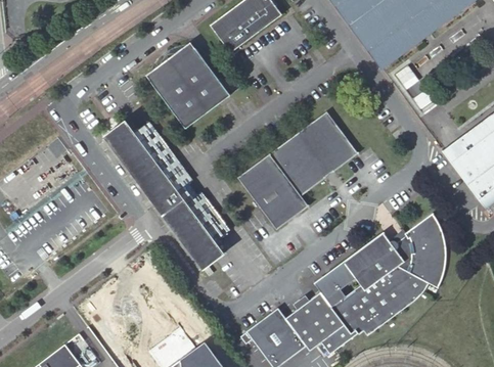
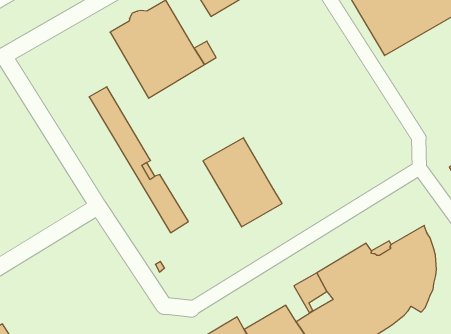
building: [269,111,357,195] -> none
building: [104,121,224,269] -> none
building: [314,276,345,307] -> none

